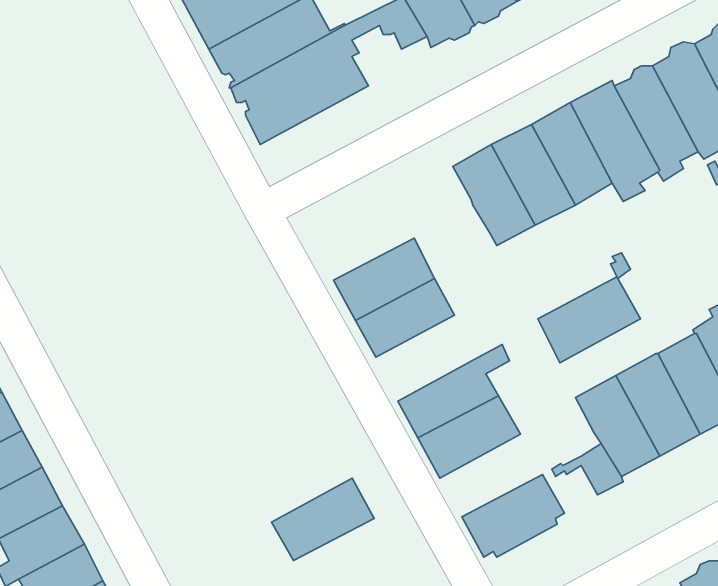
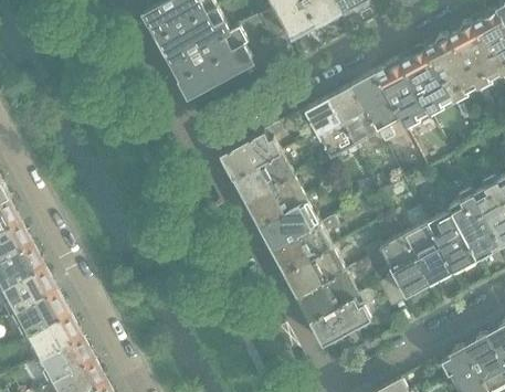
building: none -> [219,125,282,179]
building: [538,277,640,363] -> [257,200,319,252]
building: [272,478,374,561] -> [296,272,358,321]

